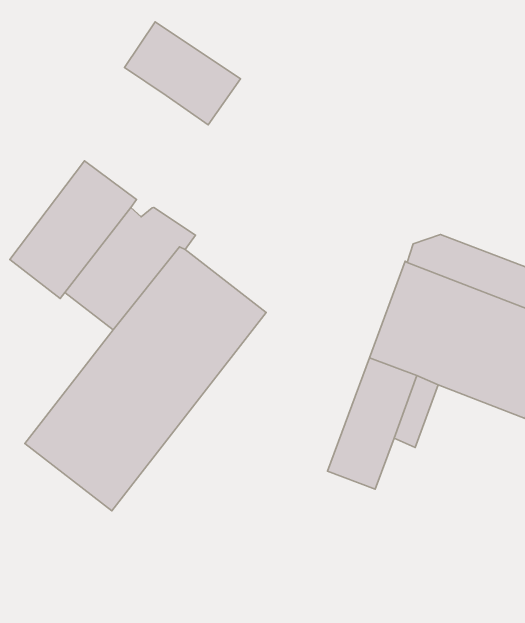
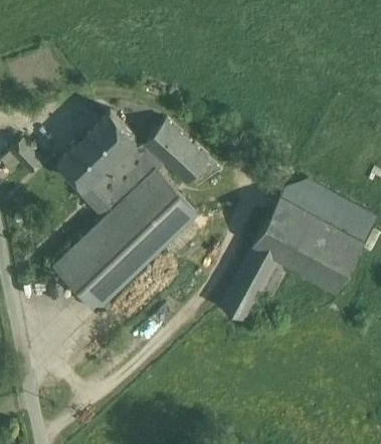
building: [124,22,241,125] -> [145,121,209,183]

